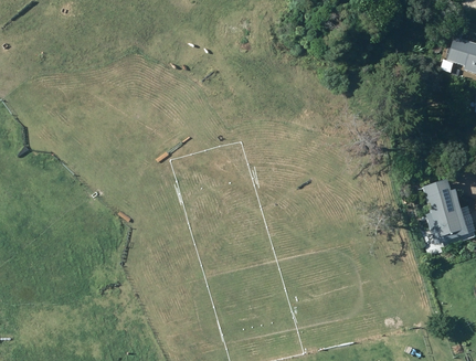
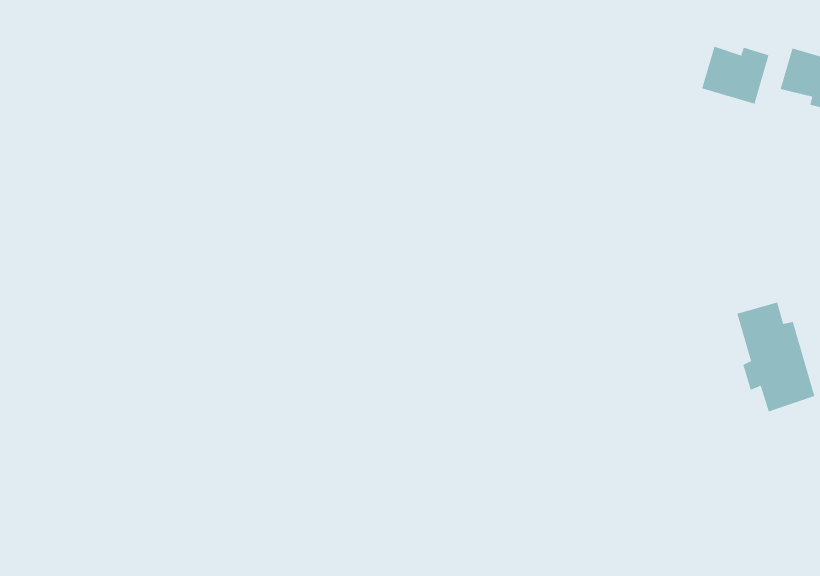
building: none -> [701,46,769,104]

